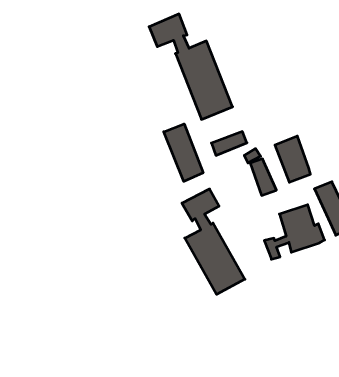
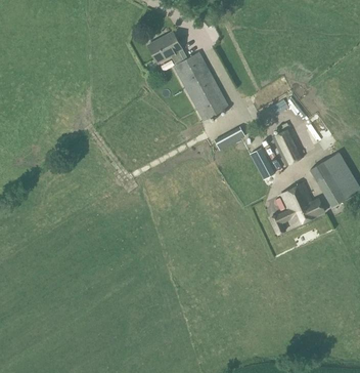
building: [164,124,203,181] -> none
building: [182,189,245,294] -> none

